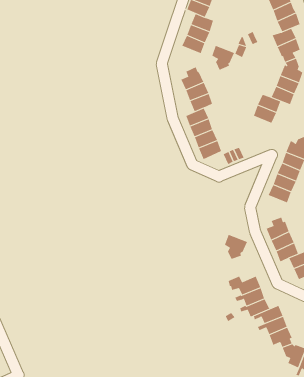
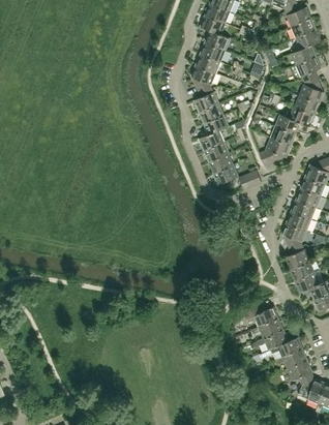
building: [211,45,235,71] -> [191,65,216,92]
building: none -> [260,139,291,165]
building: [224,234,248,260] -> [282,222,307,249]

